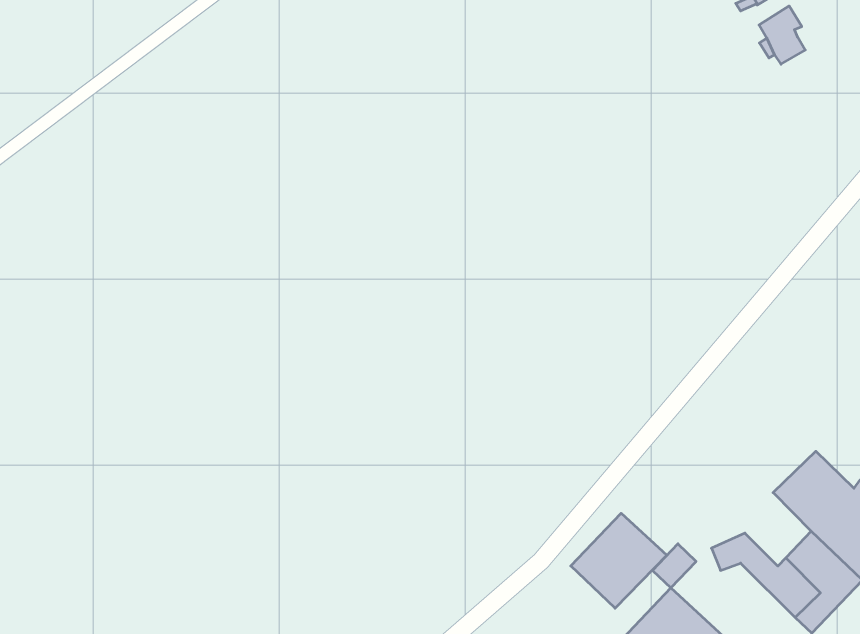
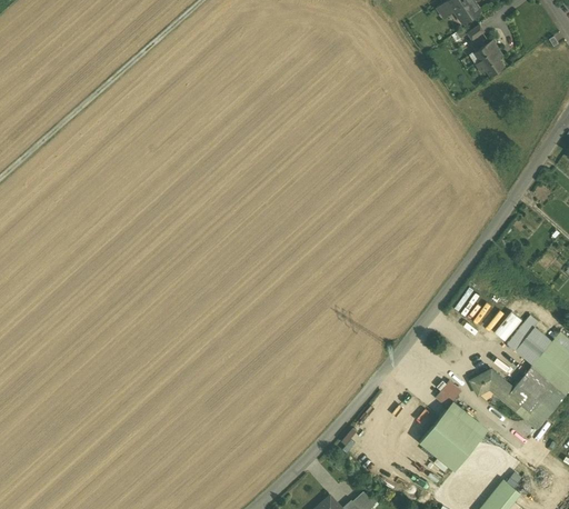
building: [571,513,667,608] -> none

